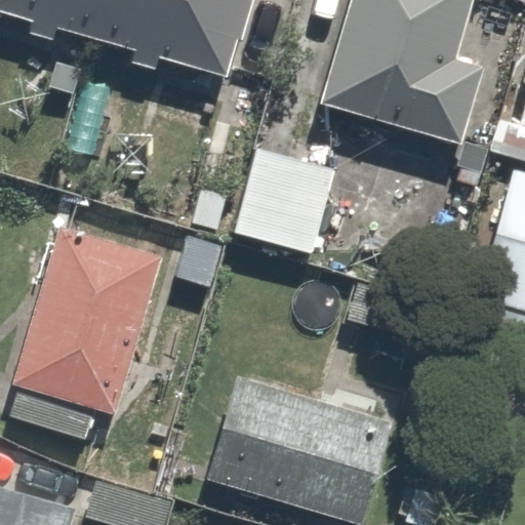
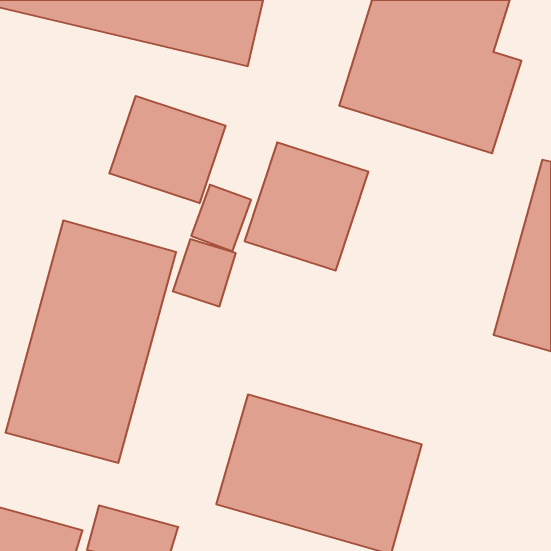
building: none -> [109,96,226,203]

